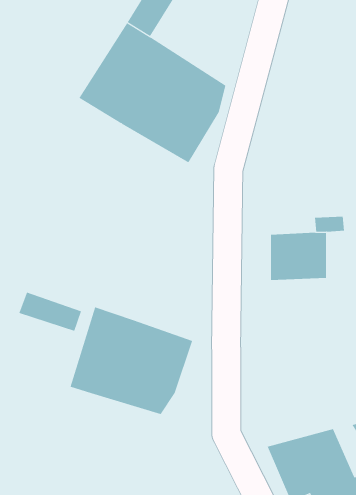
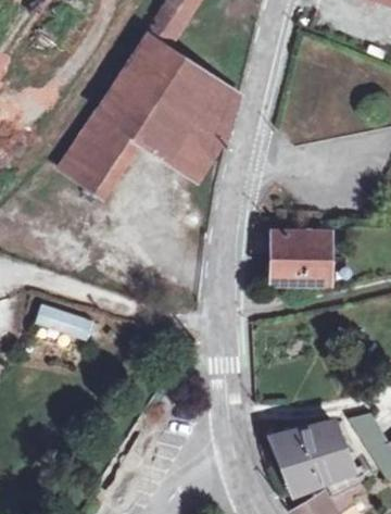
building: none -> [60,106,136,186]
building: [70,307,193,415] -> none

